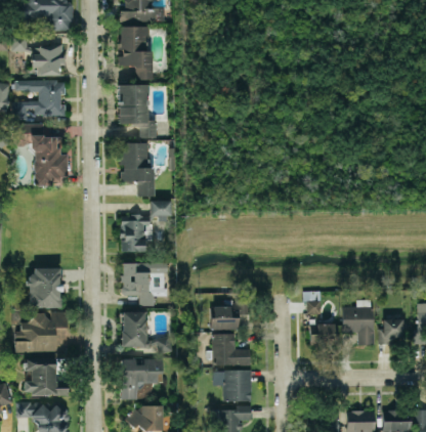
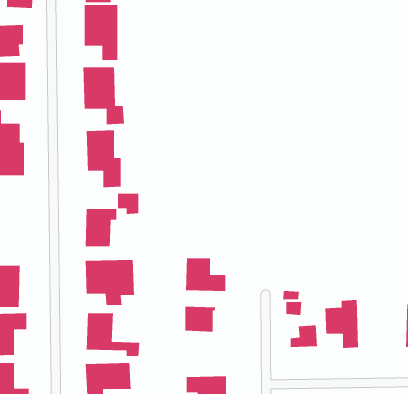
building: [379,319,402,345] -> none
building: [213,335,251,366] -> [185,258,226,292]

